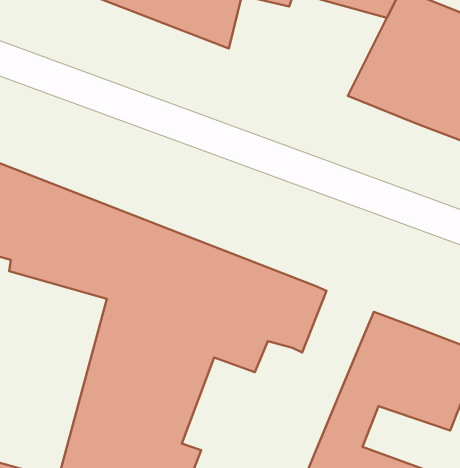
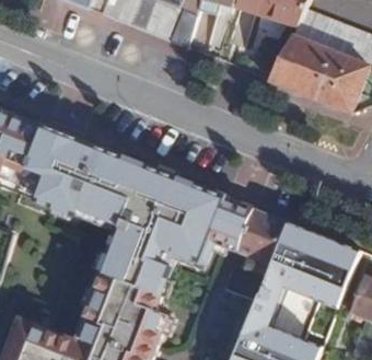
building: none -> [236,210,284,264]

